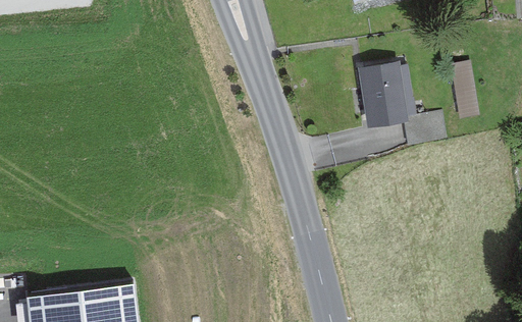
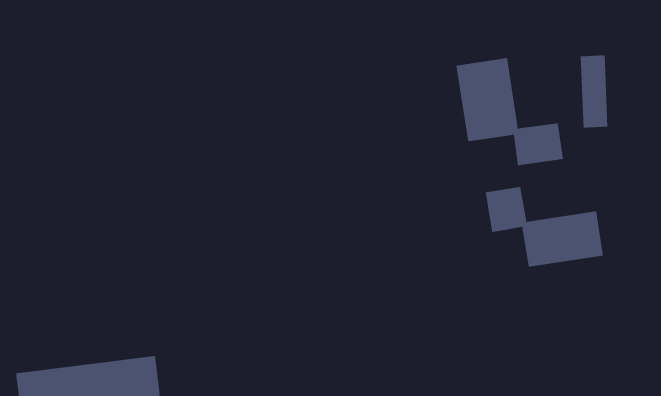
building: none -> [485,186,603,267]

